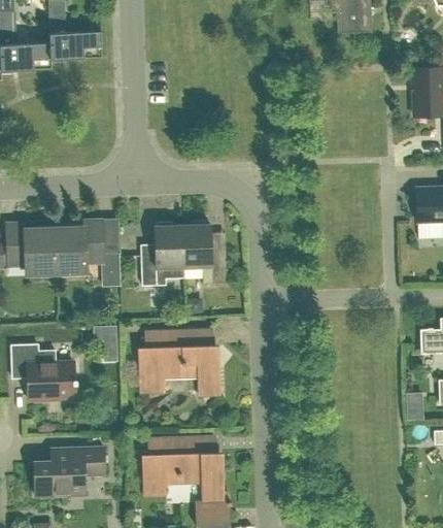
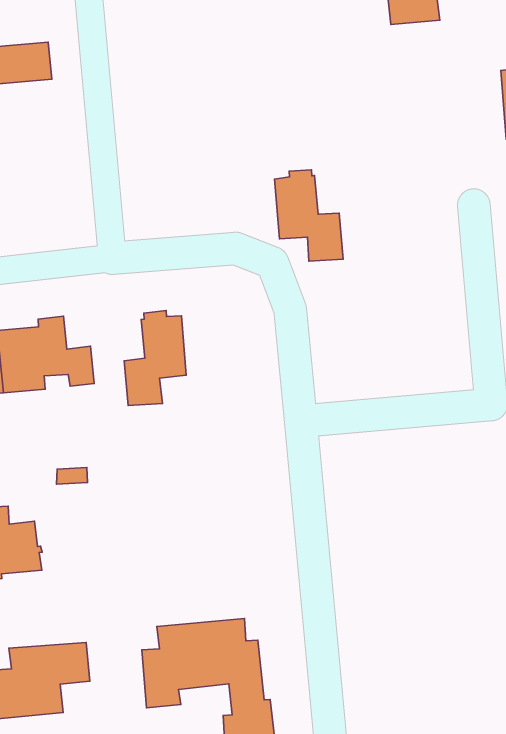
building: [181,221,226,284] -> [275,170,343,261]
building: [137,330,219,396] -> none

